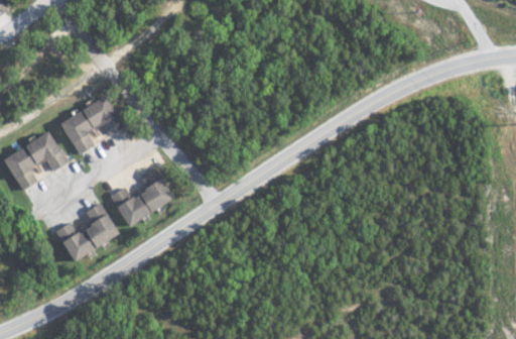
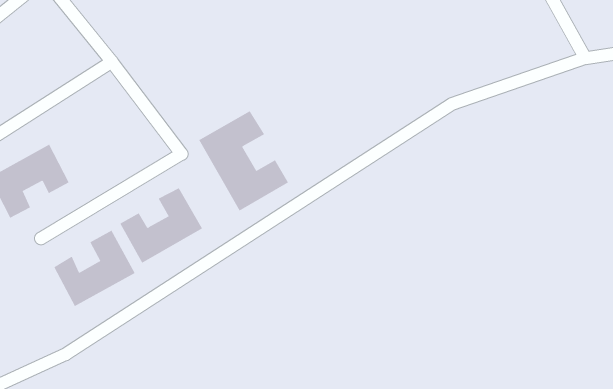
building: [59,96,120,155] -> none
building: none -> [198,110,289,211]

